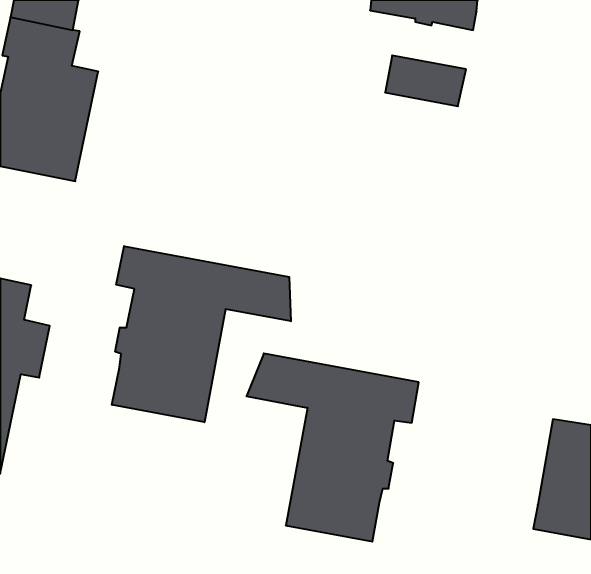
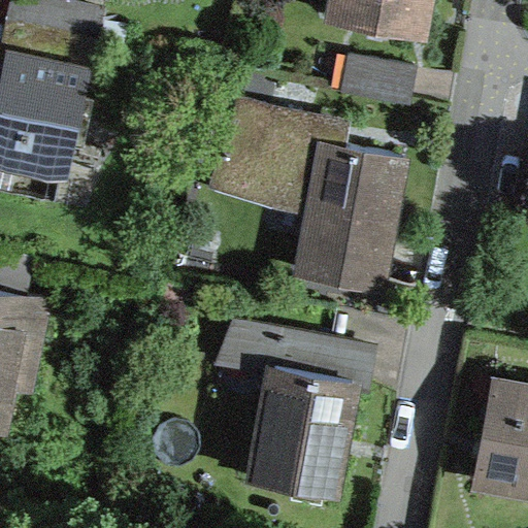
building: none -> [213,109,404,294]
building: [112,246,291,422] -> none

